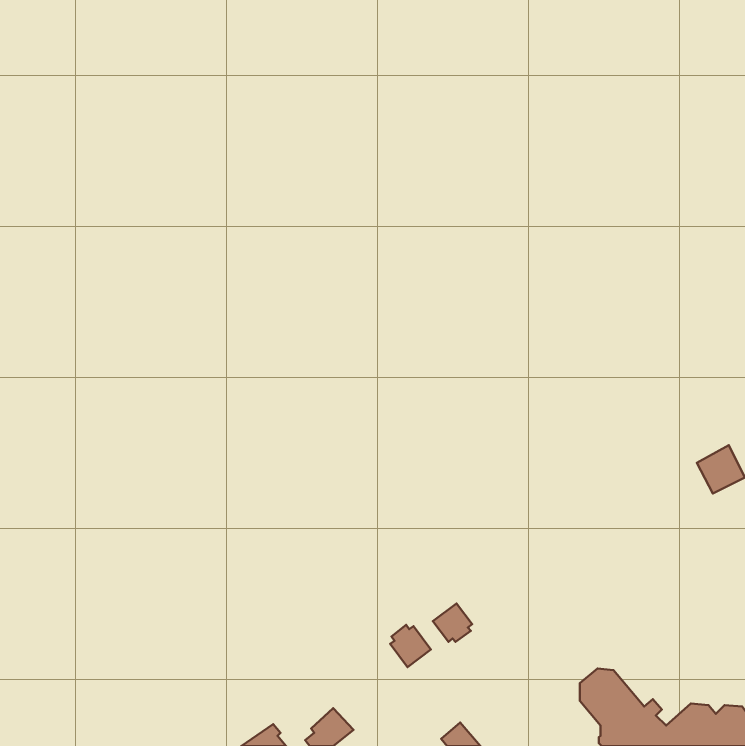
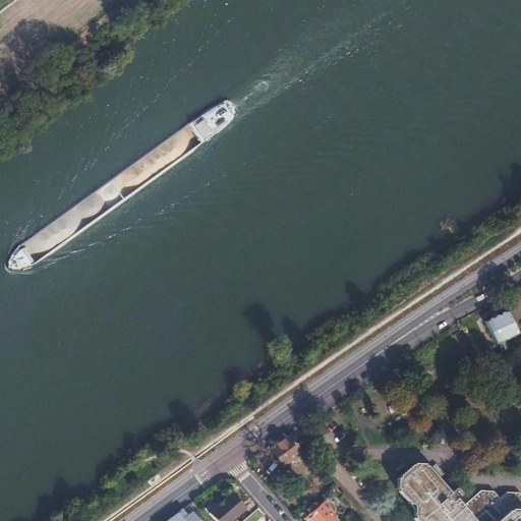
building: [433,603,472,642] -> none

